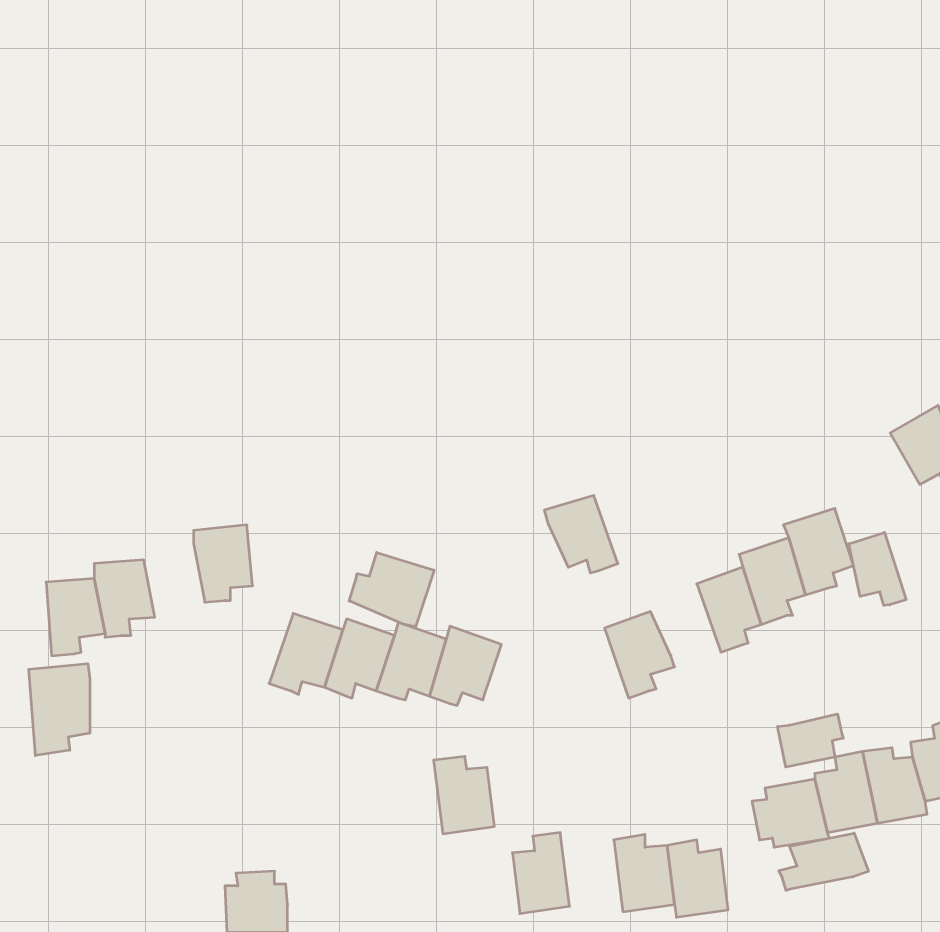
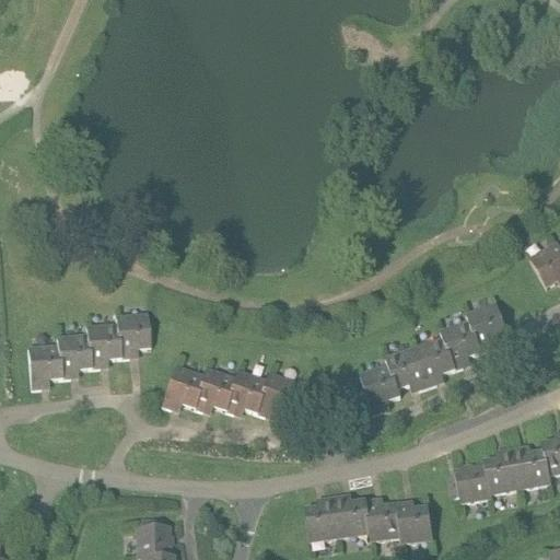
building: [544,495,618,573] -> [385,347,429,393]
building: [849,532,906,605] -> none
building: none -> [86,323,122,369]
building: [349,552,434,627] -> none
building: [29,664,90,756] -> none
building: [778,714,843,767] -> none
building: [434,756,494,834] -> [334,492,370,538]
building: [779,833,868,890] -> none

